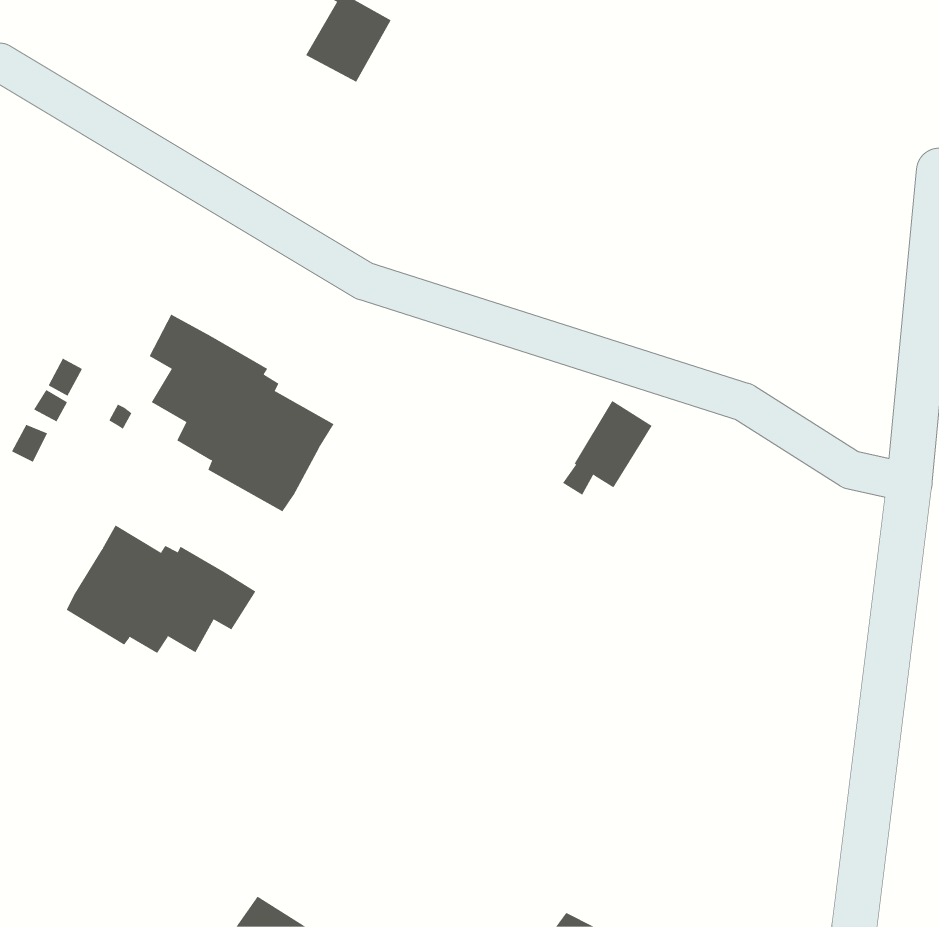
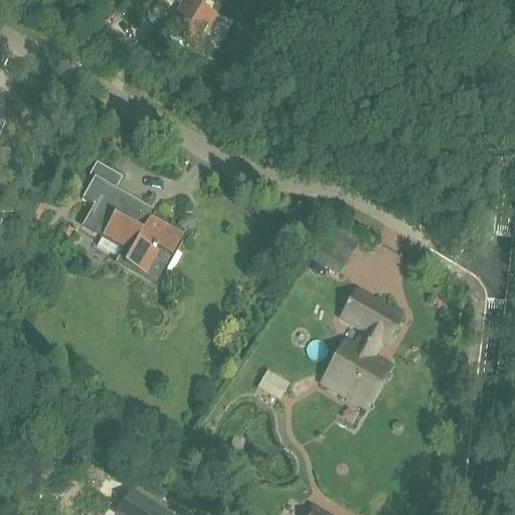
building: [66,524,256,654] -> none
building: none -> [324,289,397,402]

